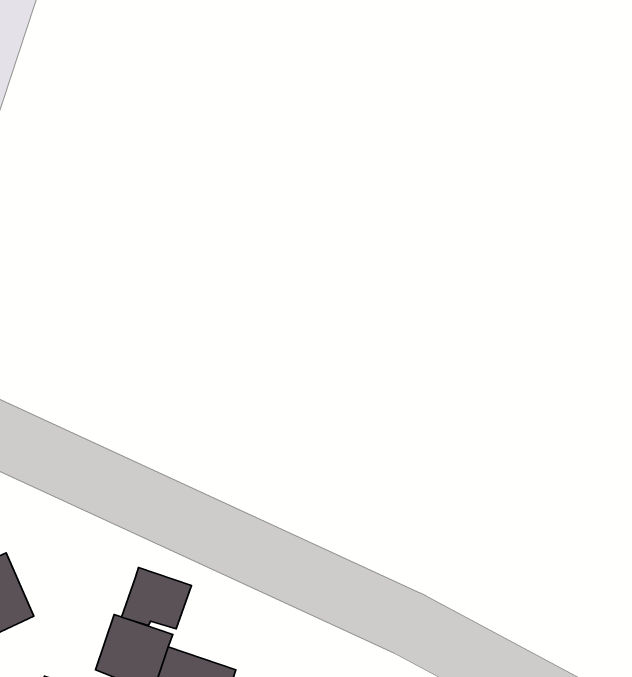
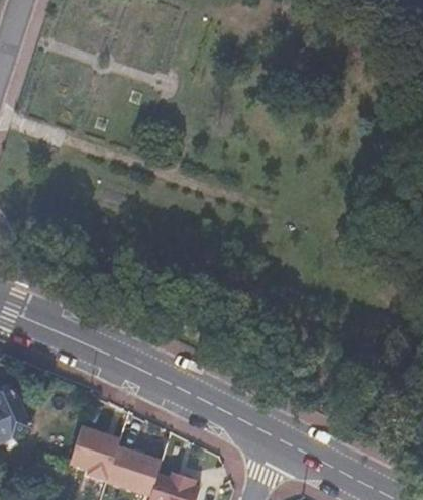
building: [122,567,192,629] -> none

